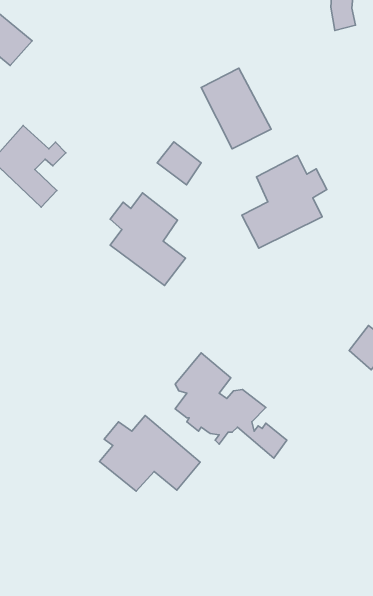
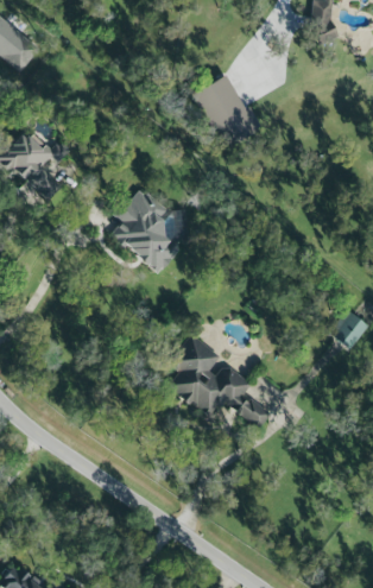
building: [157,142,201,185] -> none
building: [242,155,327,248] -> none
building: [99,415,200,491] -> none

